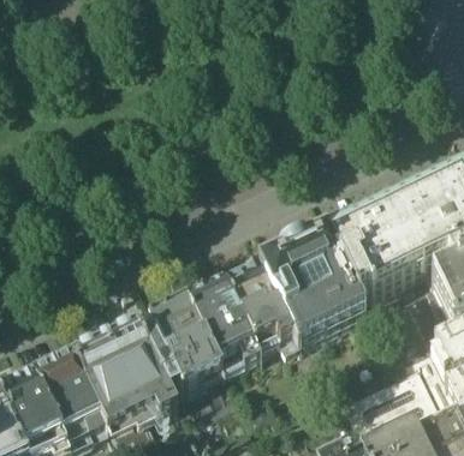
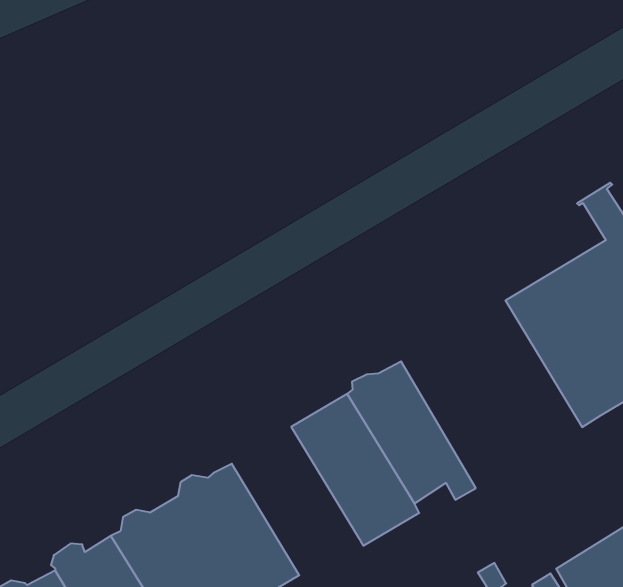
building: [264,232,371,346] -> none
building: [155,295,228,388] -> none

